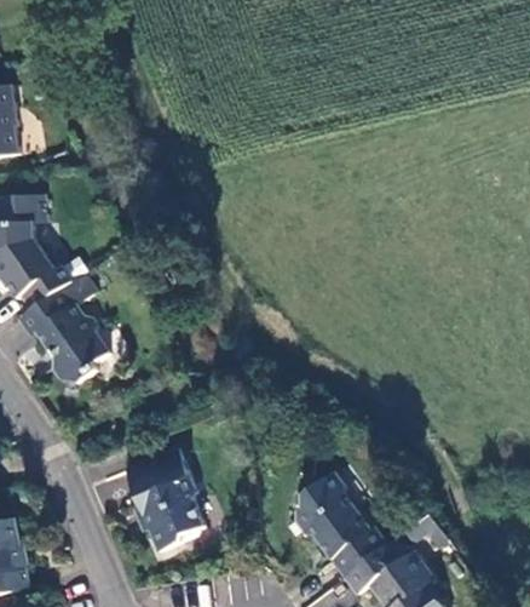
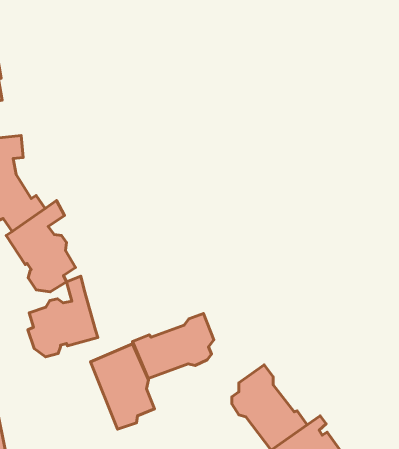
building: none -> [28,276,98,357]
building: none -> [133,313,214,379]

